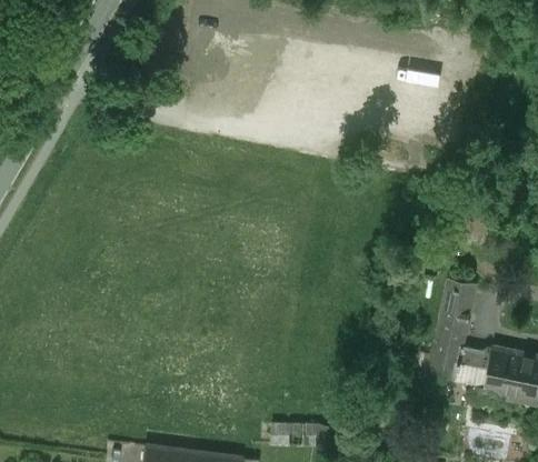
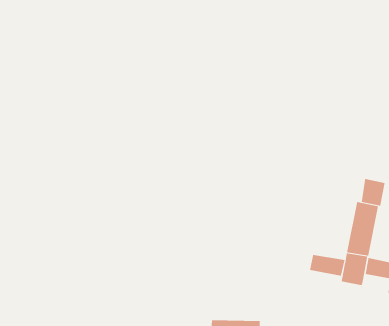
building: none -> [361,178,385,206]
building: none -> [310,254,345,277]

